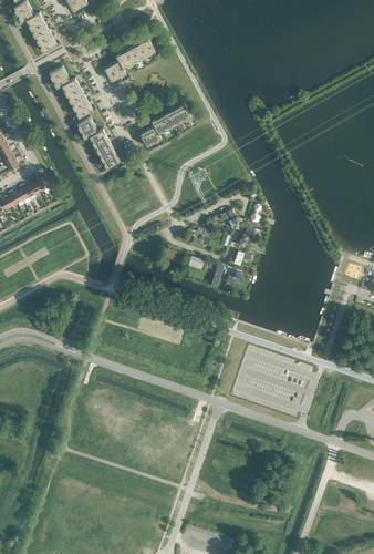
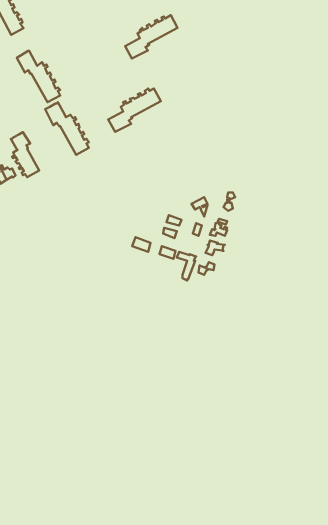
building: [104,39,155,81] -> [125,15,178,59]
building: none -> [11,132,39,177]

